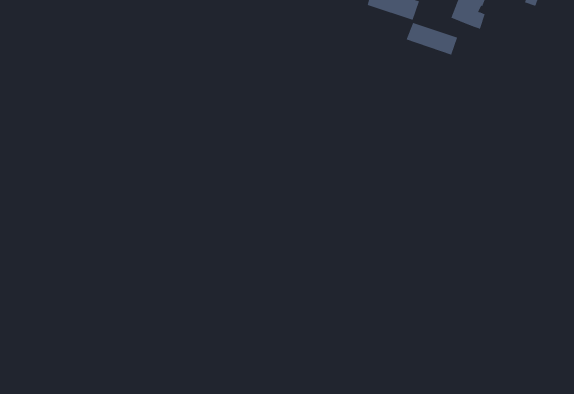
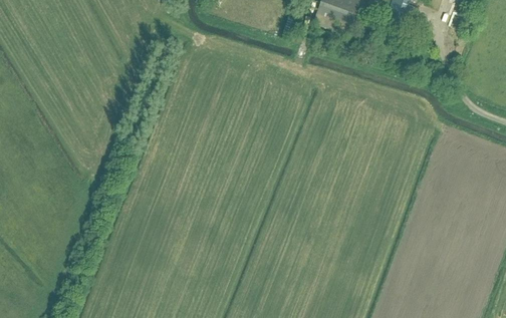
building: [406,22,458,56] -> none

